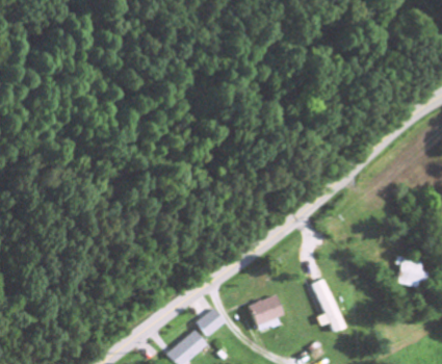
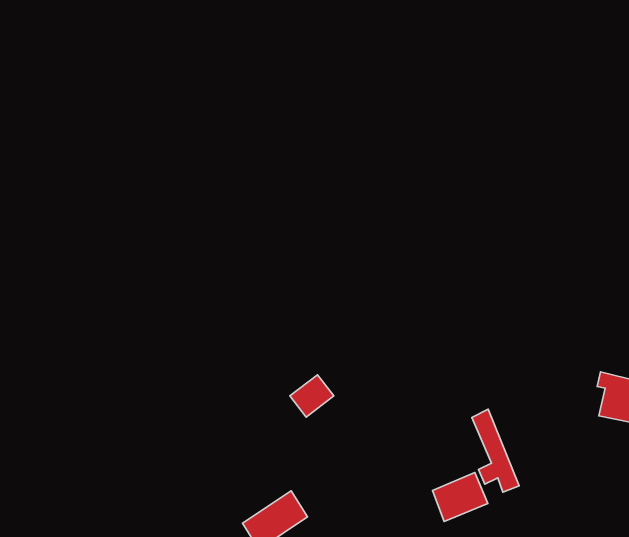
building: [250,293,285,324] -> [433,473,488,522]
building: [198,308,226,335] -> [290,375,334,417]

